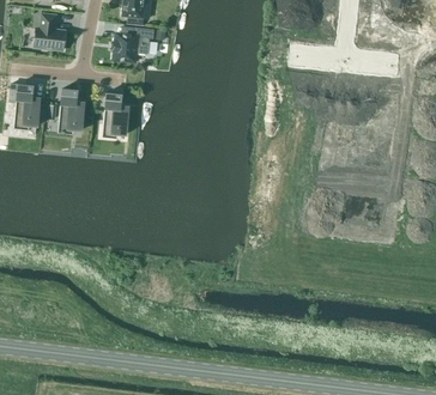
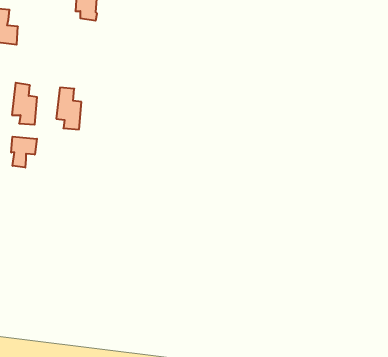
building: [111,28,155,63] -> none
building: none -> [11,137,37,168]

